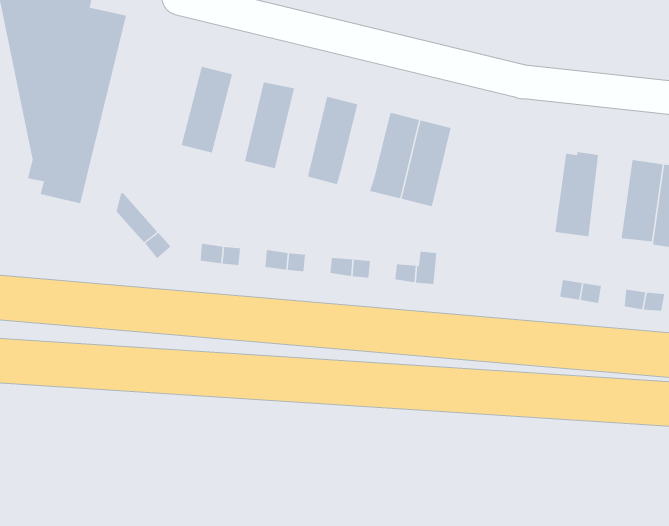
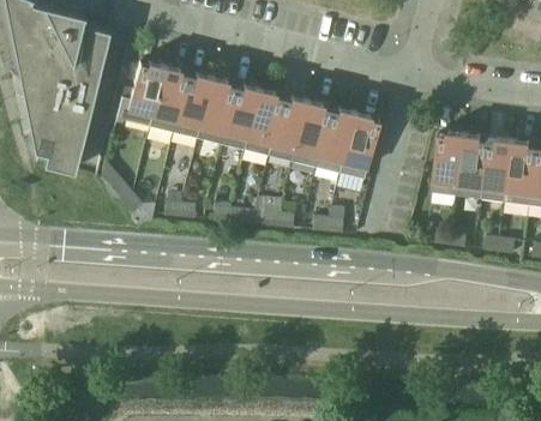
building: none -> [116,62,166,127]
building: none -> [174,73,212,139]
building: none -> [222,84,260,151]
building: none -> [269,96,308,162]
building: none -> [341,114,378,180]
building: none -> [459,134,492,199]

